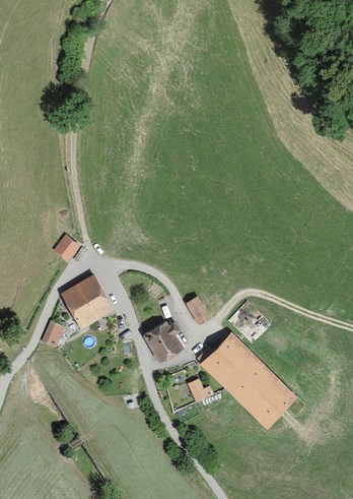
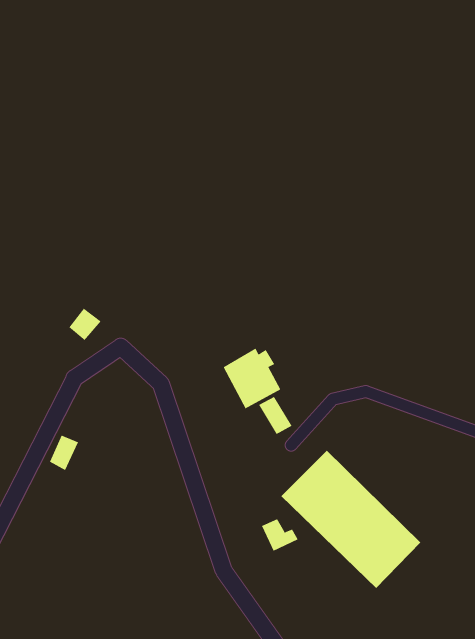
building: [63,277,112,327] -> none
building: [143,319,183,361] -> [223,348,281,409]

